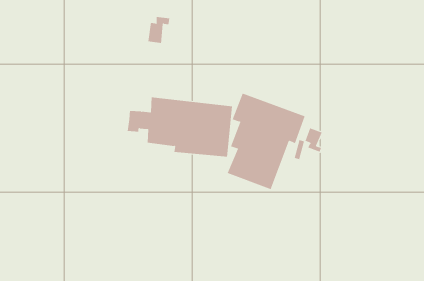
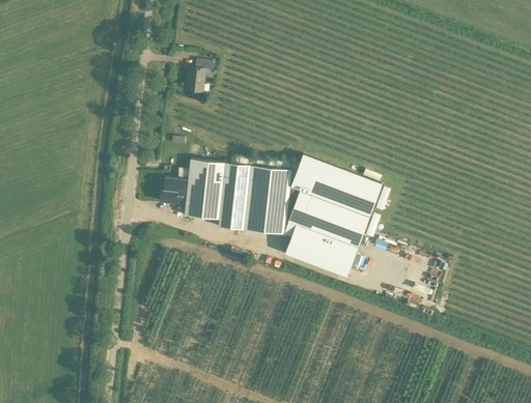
building: [305,127,322,152] -> none

